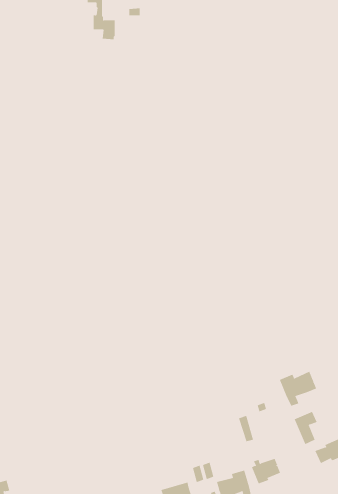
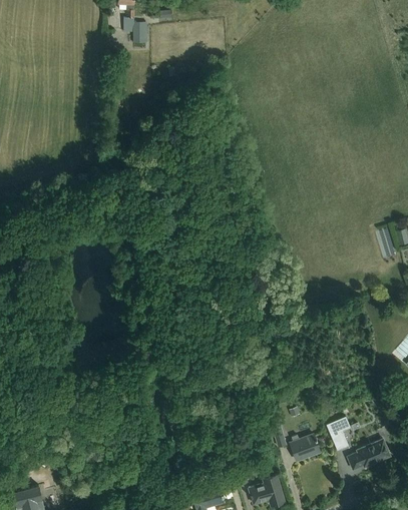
building: [279,371,317,407] -> none
building: [251,458,282,484] -> [289,434,320,460]

